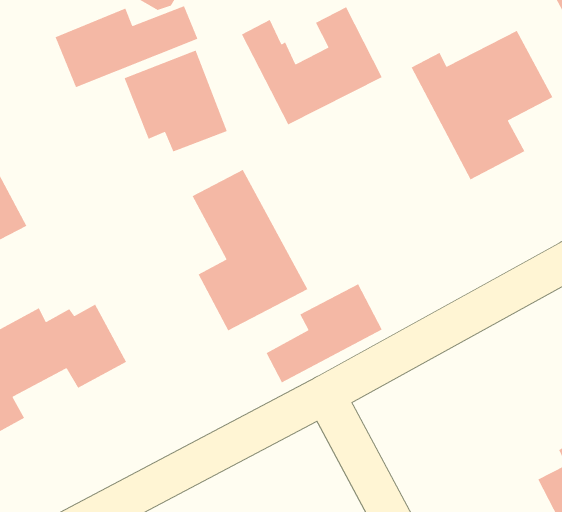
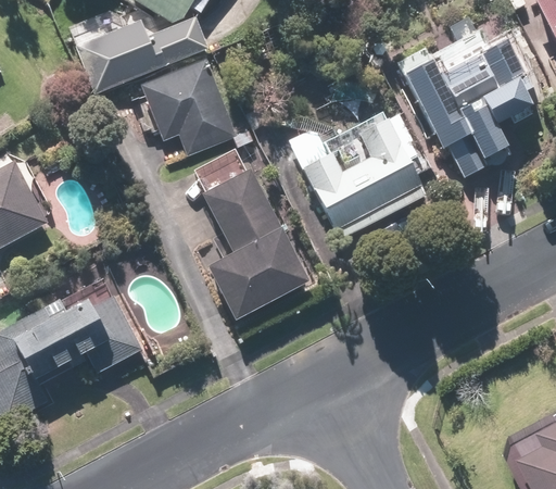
building: [241,6,383,125] -> [291,117,422,228]
building: [266,283,383,384] -> none

